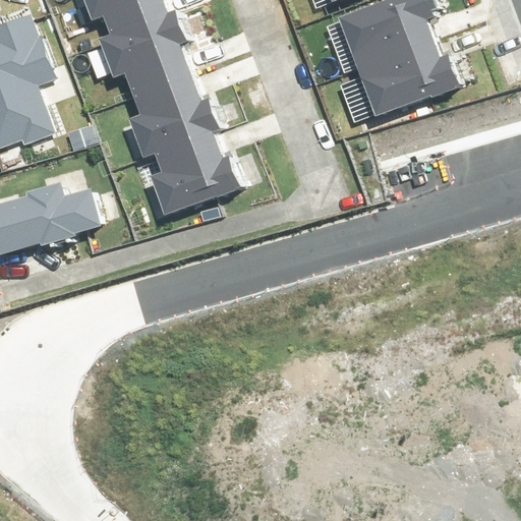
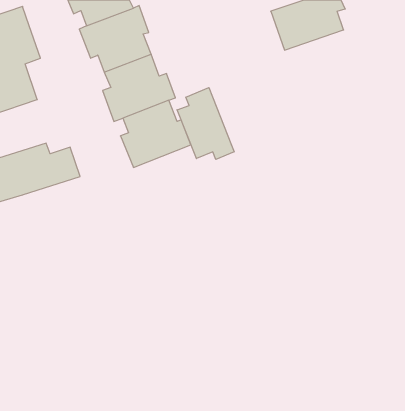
building: [358,41,458,115] -> none
building: none -> [177,88,234,159]

